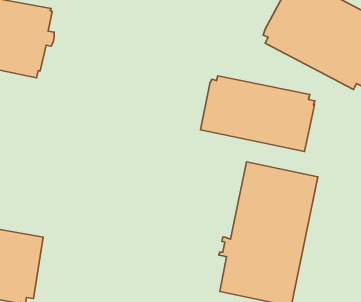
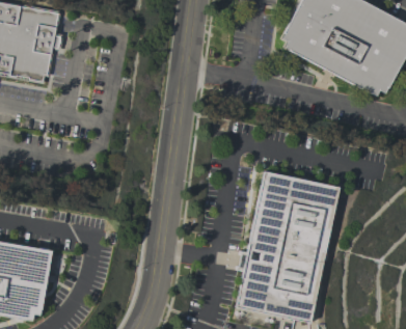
building: [200,76,315,152] -> none

